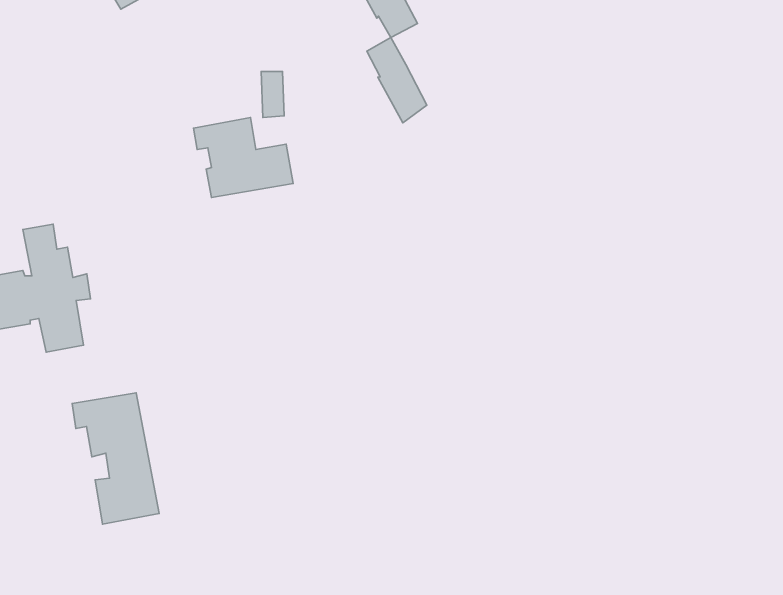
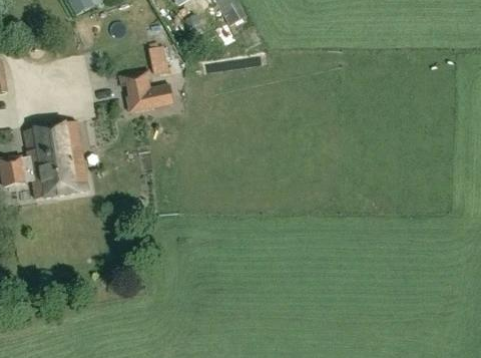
building: [367,38,427,123] -> none
building: [72,393,159,524] -> [39,124,88,199]

